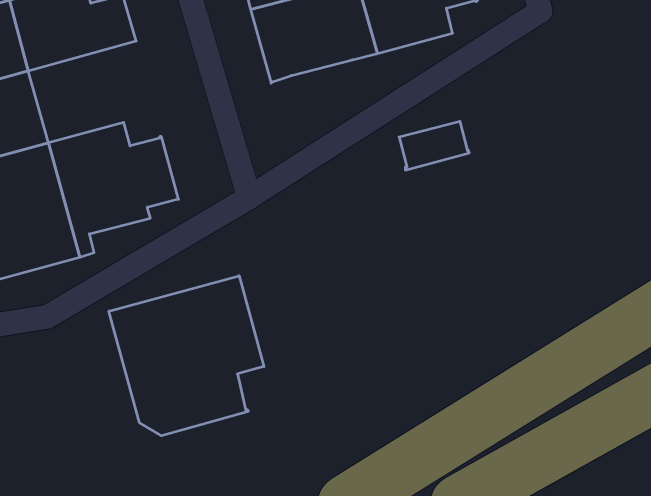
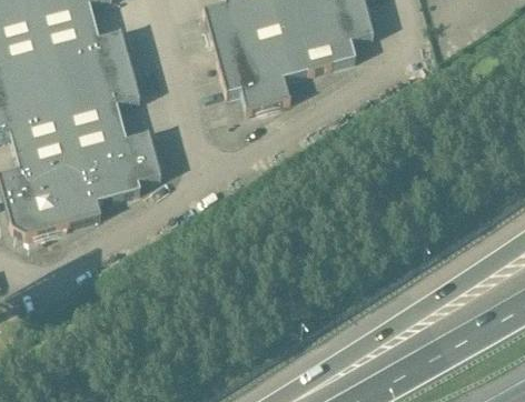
building: none -> [53,62,139,134]
building: [399,121,469,170] -> [240,76,290,110]
building: [109,276,264,436] -> none

